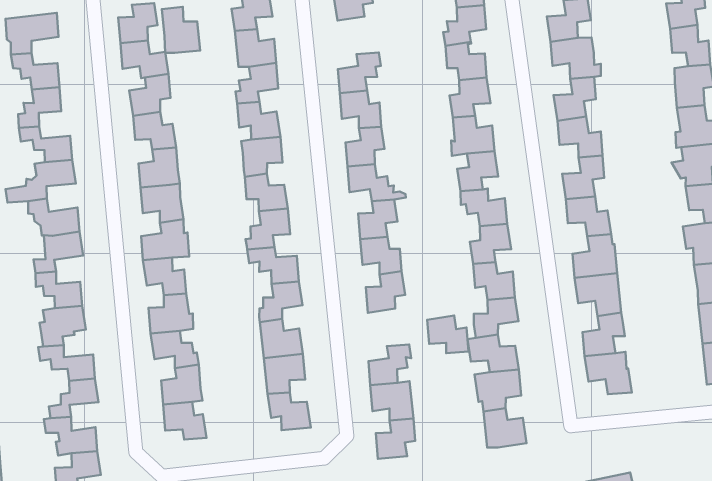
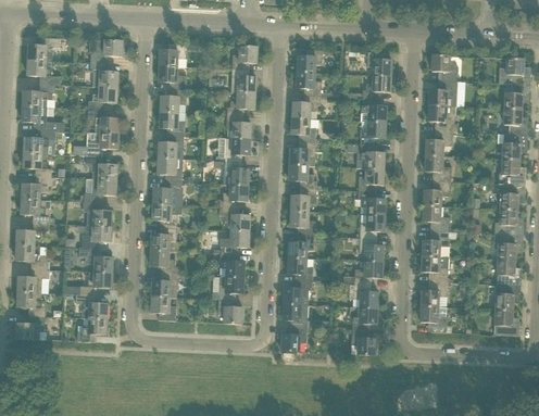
building: [162,7,200,53] -> none
building: none -> [296,71,321,94]
building: [427,316,468,353] -> [287,256,312,280]

